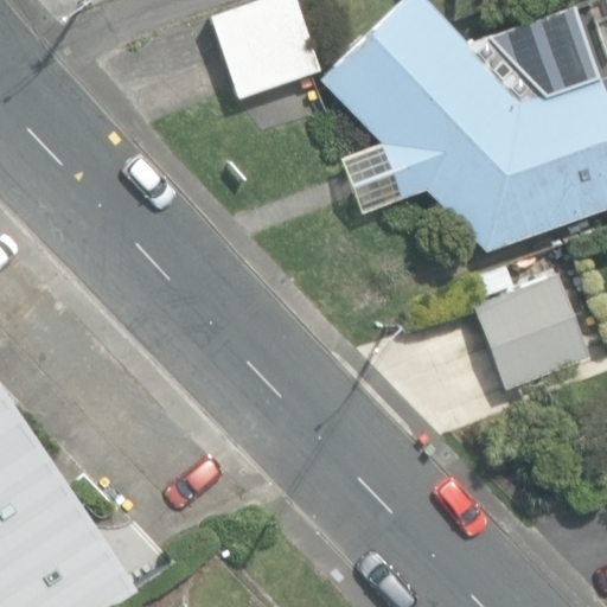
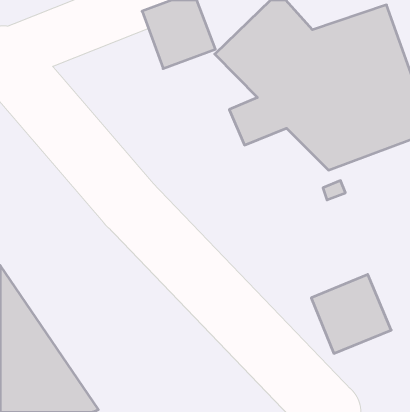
building: [473,274,590,390] -> [311,274,391,353]

